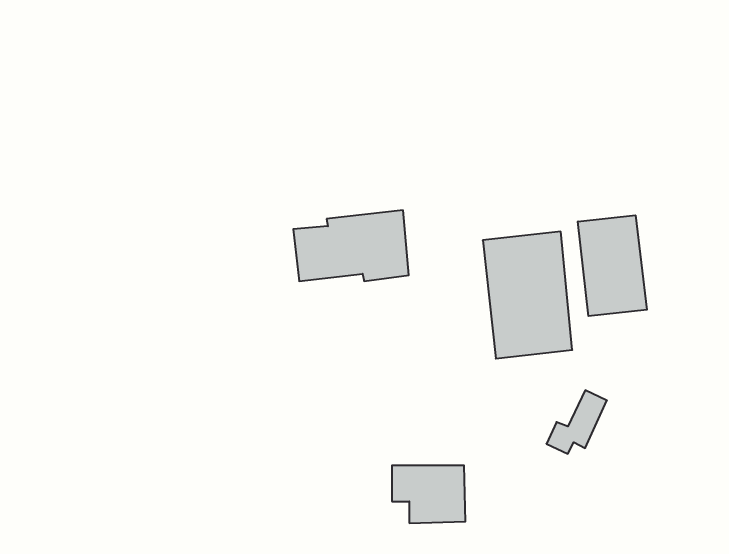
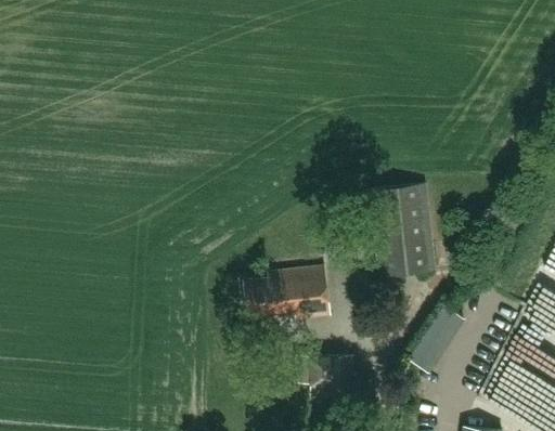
building: [293,210,409,281] -> [245,266,332,319]
building: [578,215,647,316] -> none

